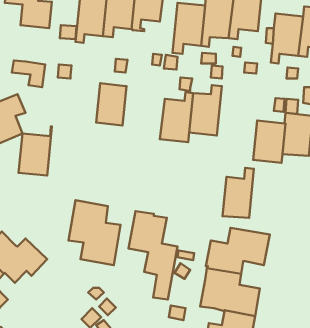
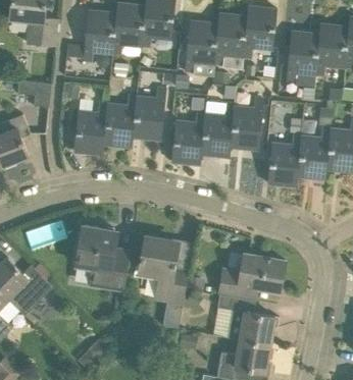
building: none -> [133,87,166,141]
building: [19,127,52,176] -> [73,104,108,155]
building: [223,168,254,218] -> [231,98,263,150]

